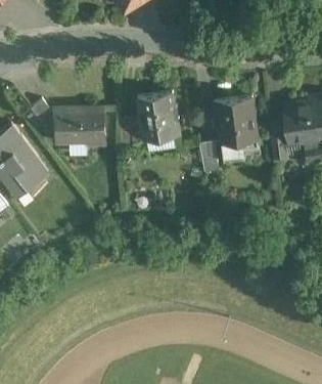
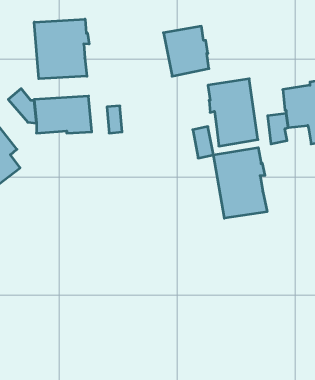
building: none -> [34,19,89,79]
building: [138,91,181,138] -> [163,26,209,76]
building: none -> [213,148,267,218]

